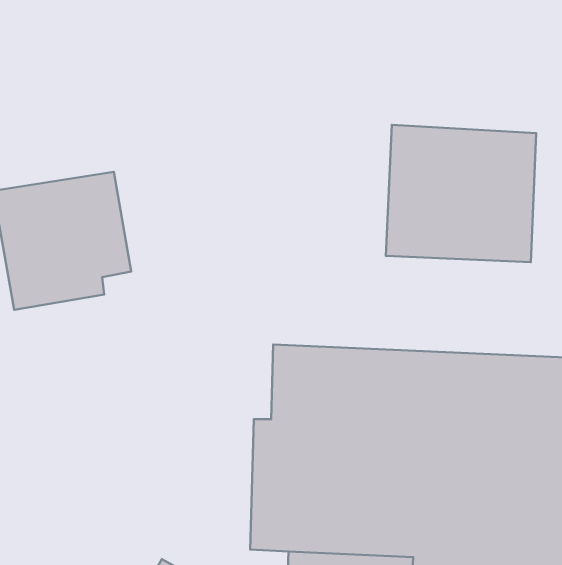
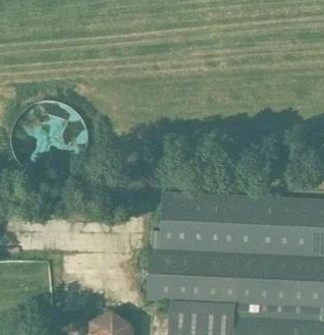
building: [386,125,536,262] -> none

